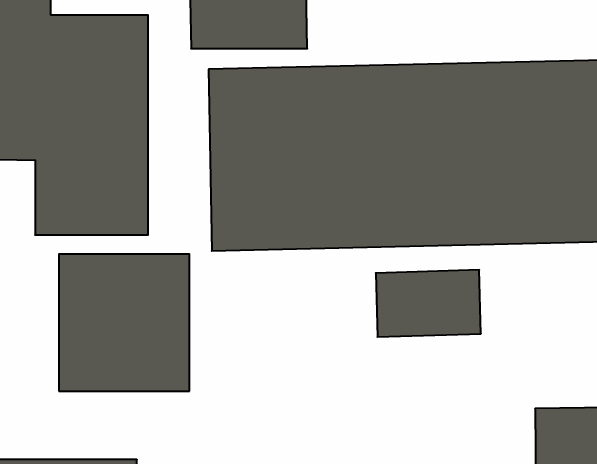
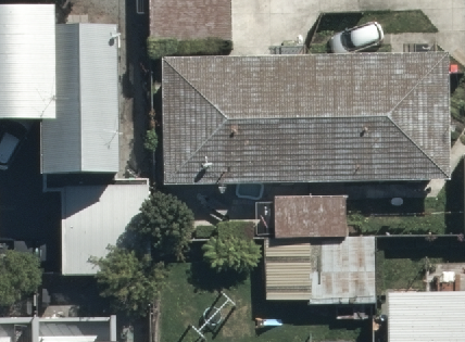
building: none -> [264,238,372,302]

